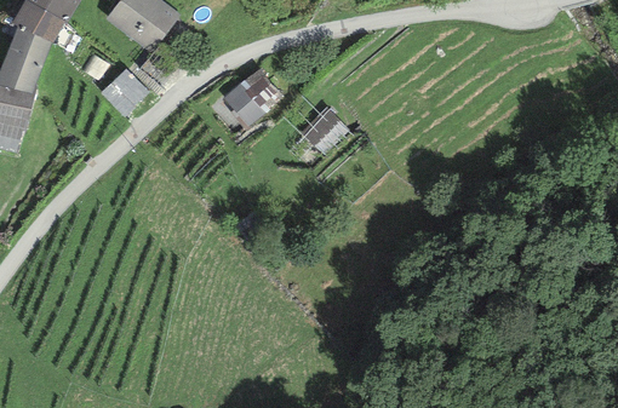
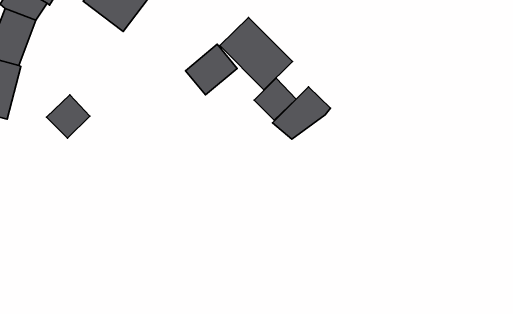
building: none -> [220,17,293,90]
building: [99,68,149,117] -> [47,95,90,138]
building: none -> [273,87,330,139]

